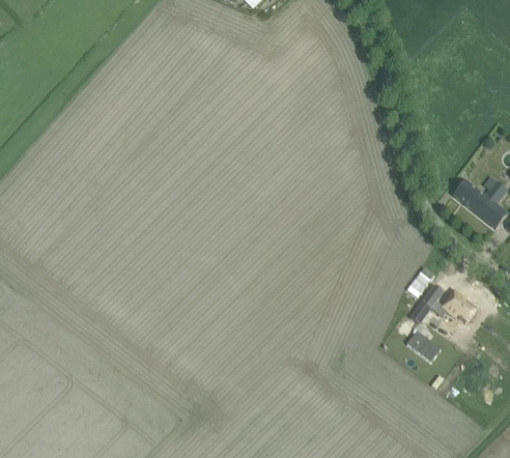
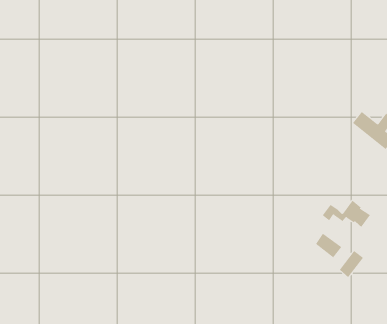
building: none -> [339,250,364,278]

